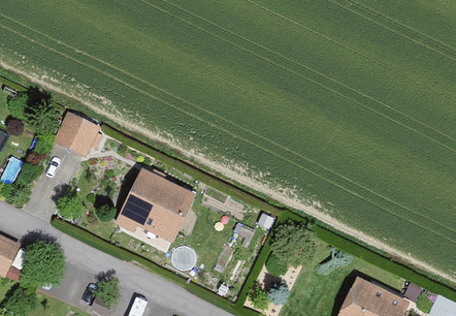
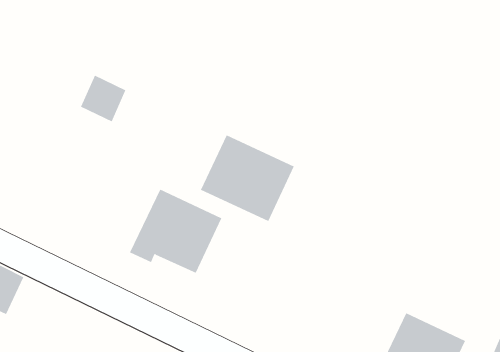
building: [56,116,96,157] -> [80,75,126,122]
building: none -> [200,134,295,222]

